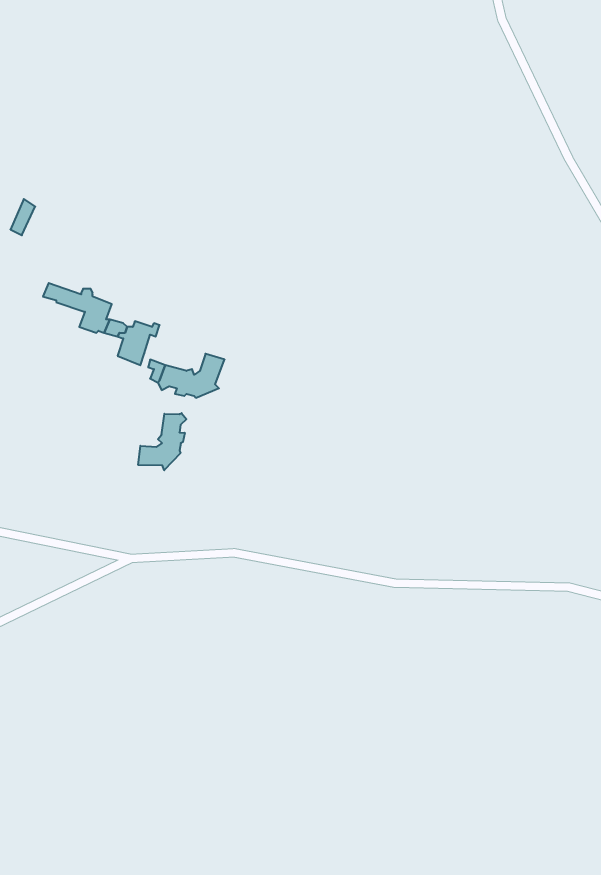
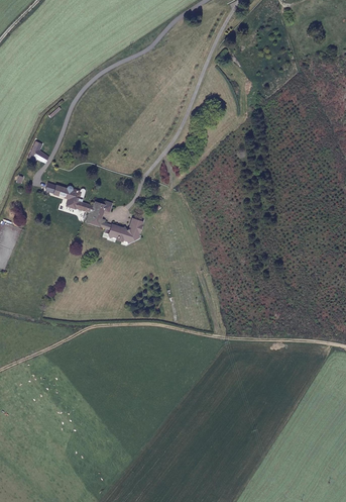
building: [138,413,186,470] -> none

